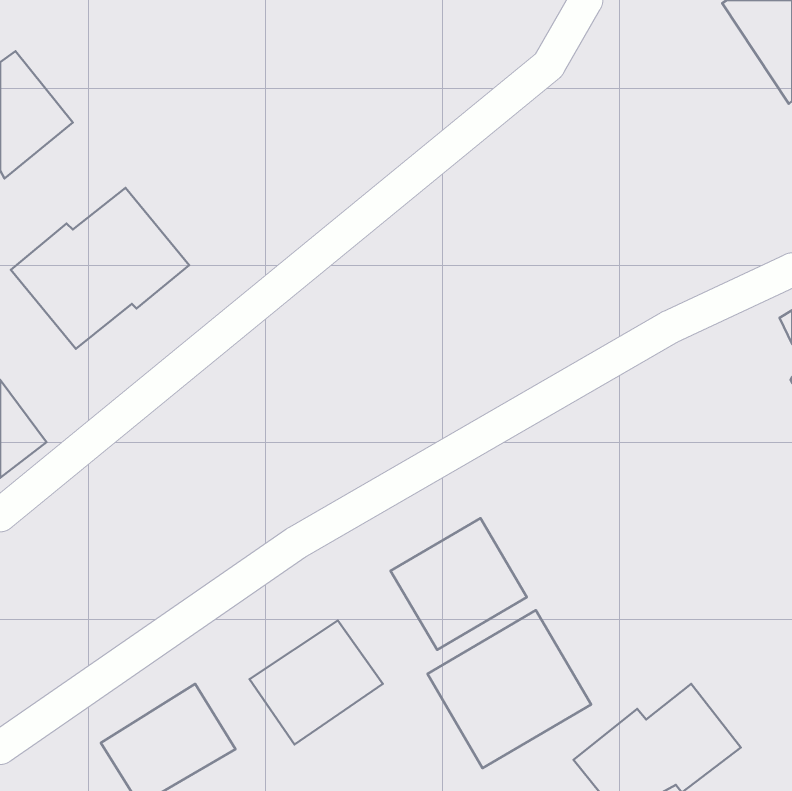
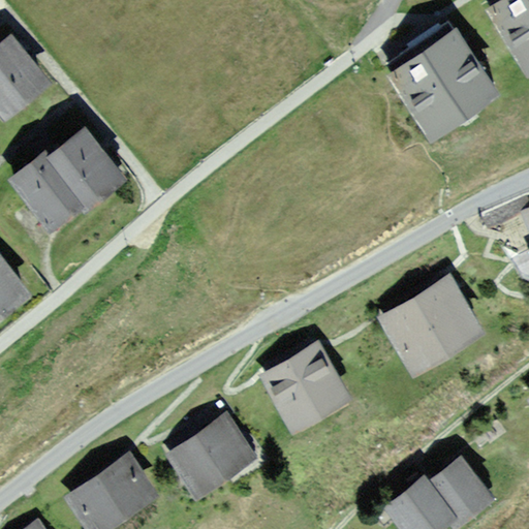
building: none -> [382,22,497,136]
building: none -> [380,279,485,374]
building: [427,610,591,768] -> none

